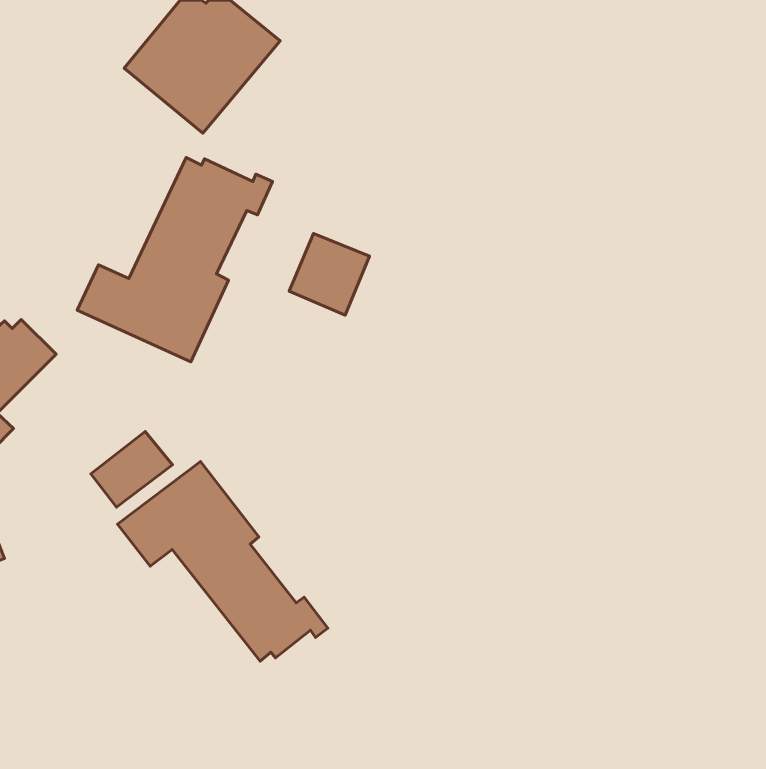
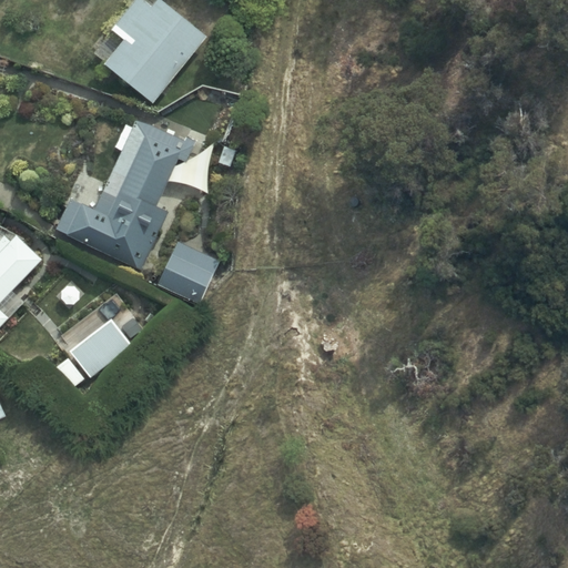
building: [289,234,369,315] -> [156,245,215,305]
building: [118,461,328,661] -> none

